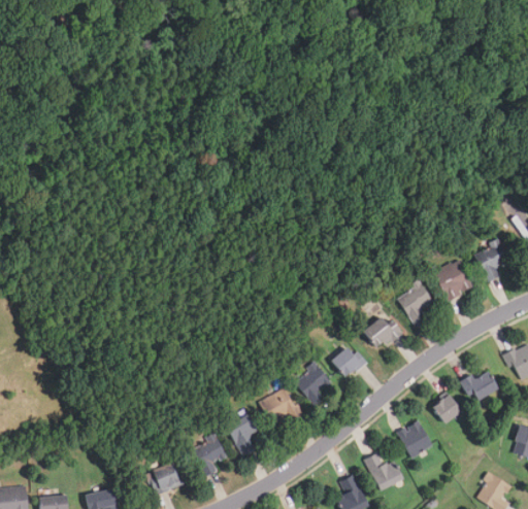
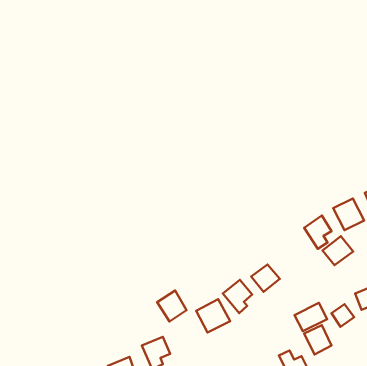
building: [362,312,401,349] -> [322,236,353,265]
building: none -> [294,303,327,331]
building: [228,416,265,455] -> [157,291,186,322]

